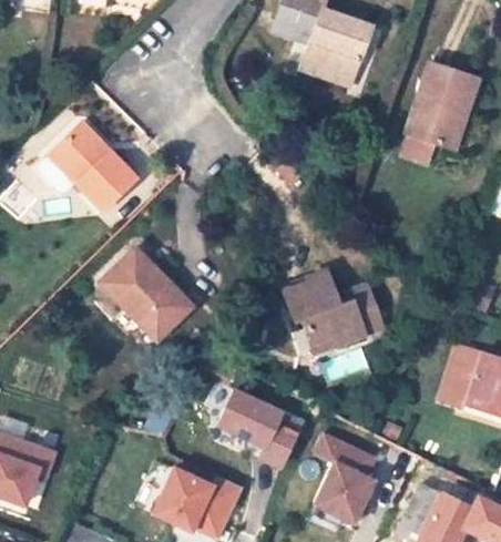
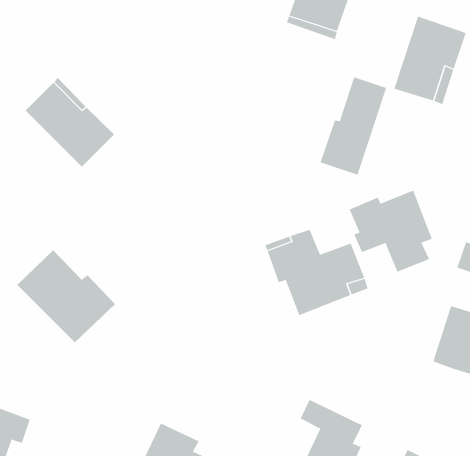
building: none -> [320,77,387,175]
building: none -> [349,190,433,272]
building: [100,247,196,338] -> [17,250,116,343]
building: [219,390,303,468] -> none

